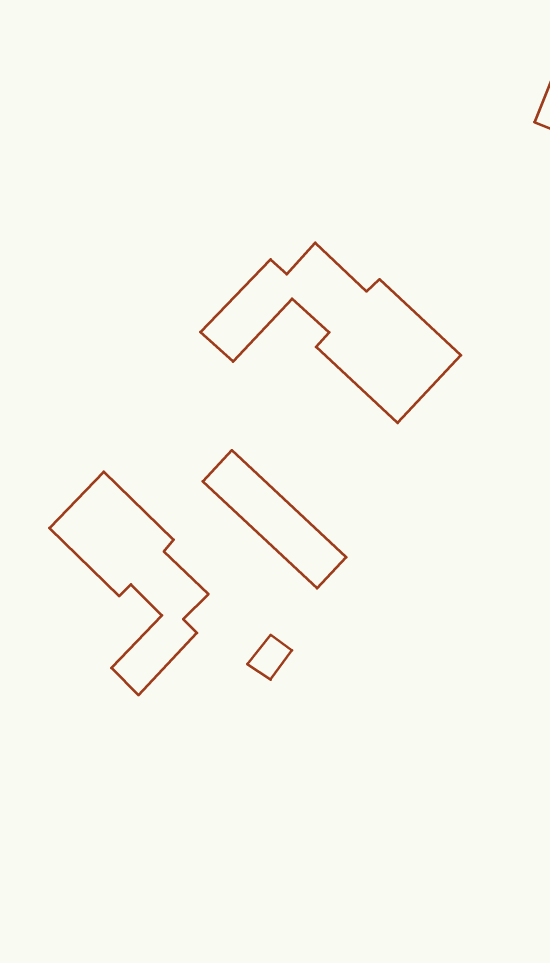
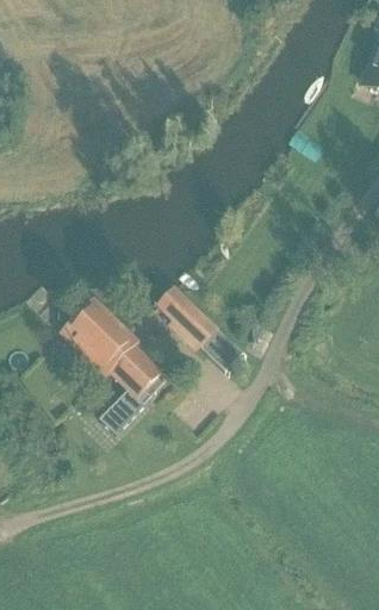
building: [200,243,461,423] -> none

